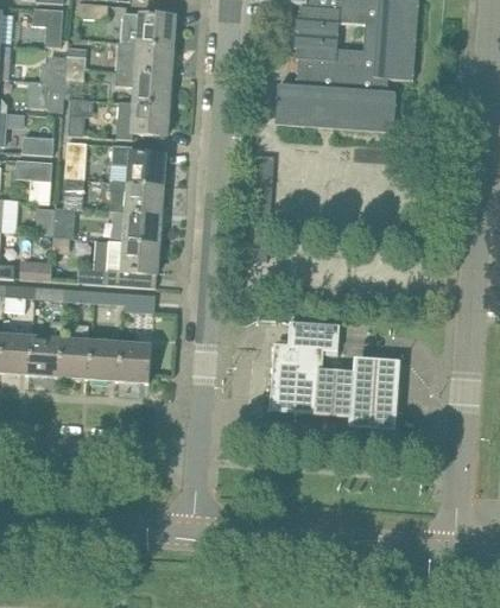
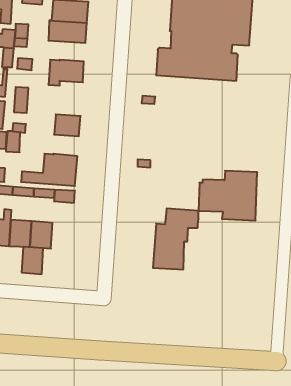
building: [114,72,170,103] -> none
building: [110,144,164,184] -> none
building: [122,211,160,243] -> none
building: [119,342,151,382] -> [22,247,43,274]
building: [315,352,401,425] -> [199,171,257,220]

